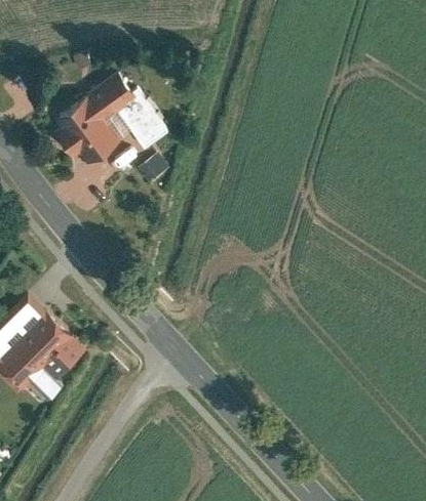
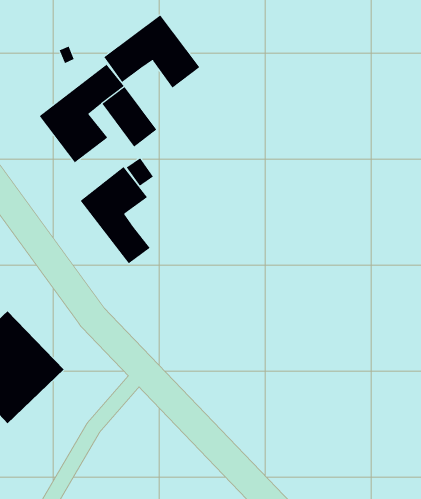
building: none -> [103,14,200,89]
building: none -> [80,166,151,264]

